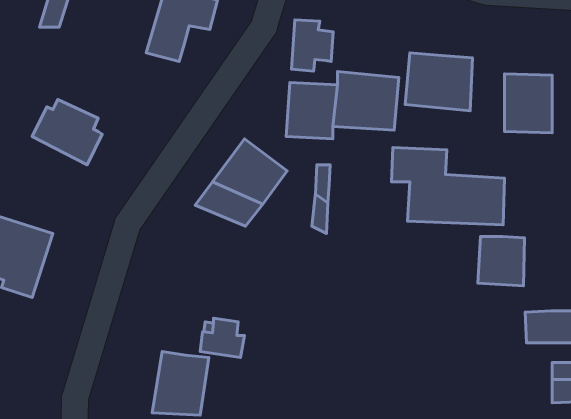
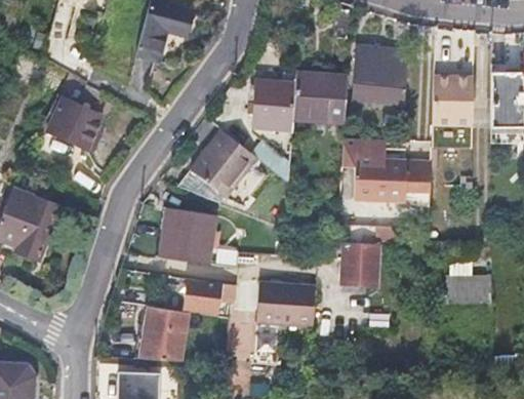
building: [292,20,333,71] -> none
building: none -> [162,207,214,265]
building: [478,237,525,286] -> [344,244,382,285]
building: none -> [255,281,316,323]

